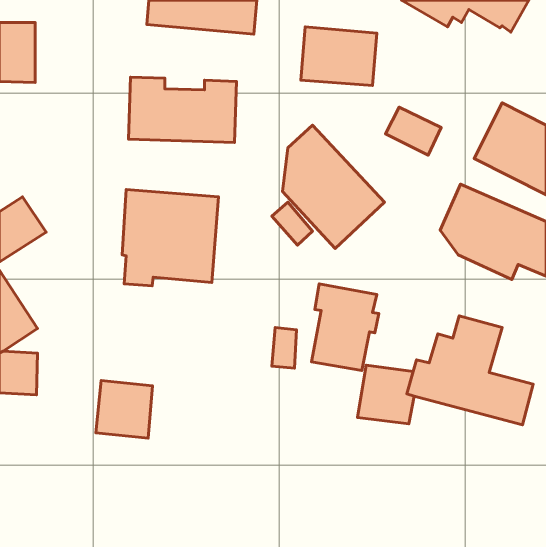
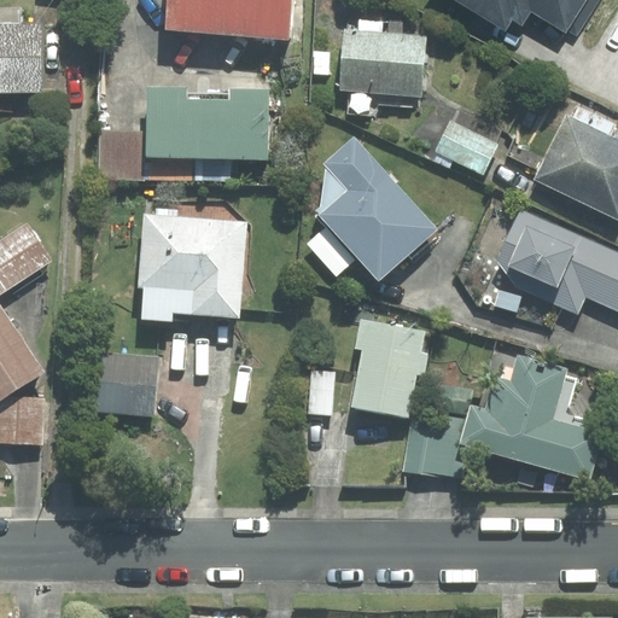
building: [96,381,152,438] -> [94,351,158,416]

